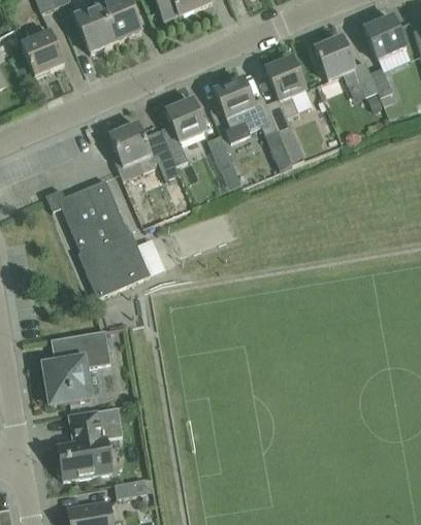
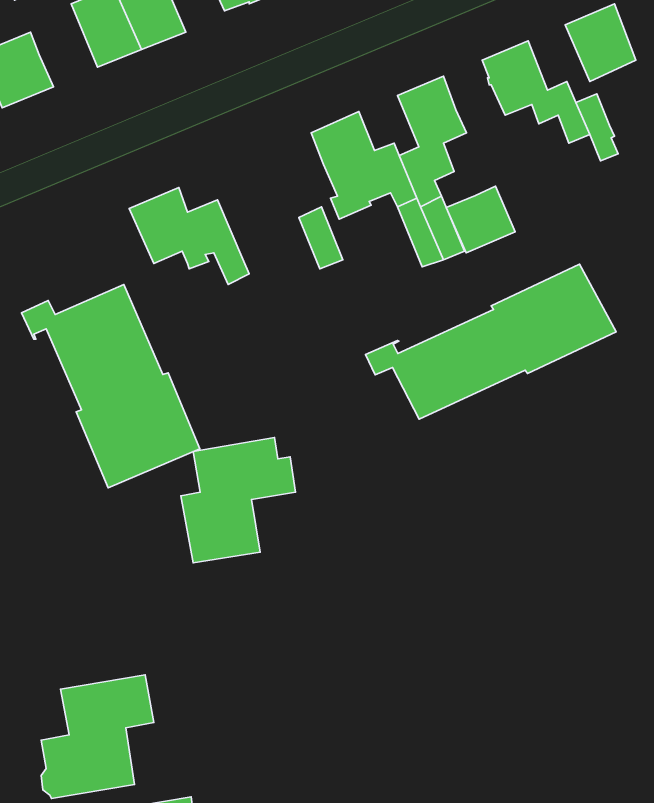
building: [160,98,206,165] -> none
building: none -> [446,186,515,253]
building: none -> [366,264,616,419]
building: [43,330,110,403] -> [181,438,296,563]

